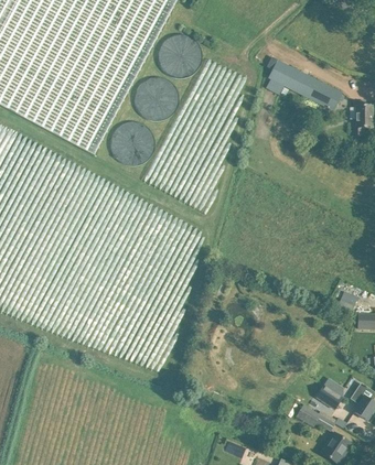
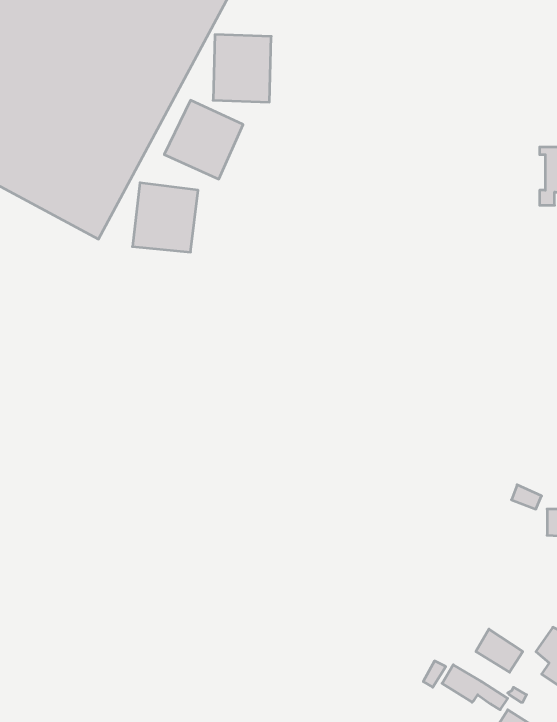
building: [265,58,341,109] -> none

